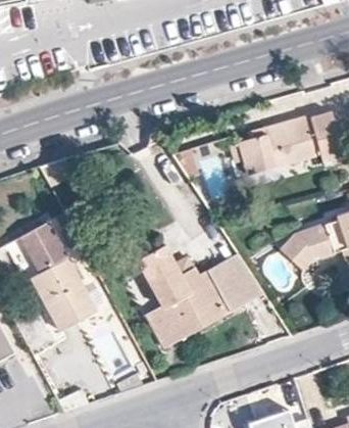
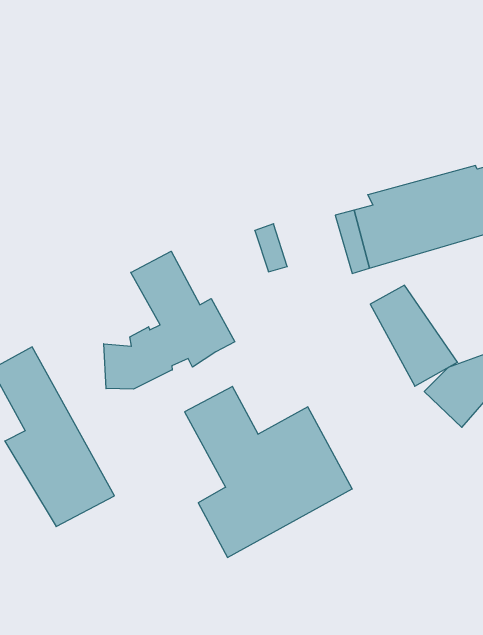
building: none -> [104,251,235,389]
building: [210,247,262,307] -> [370,285,458,386]

